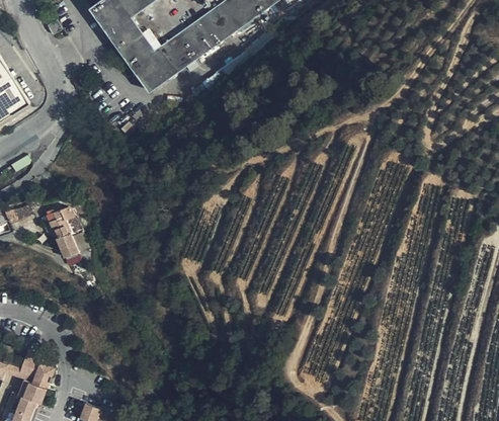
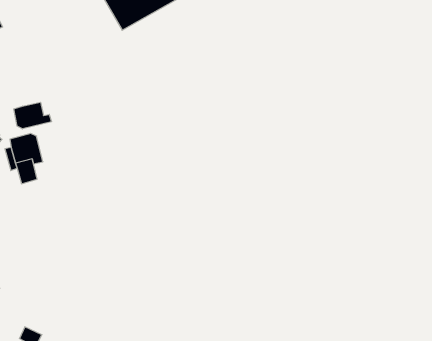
building: none -> [14,102,51,129]

